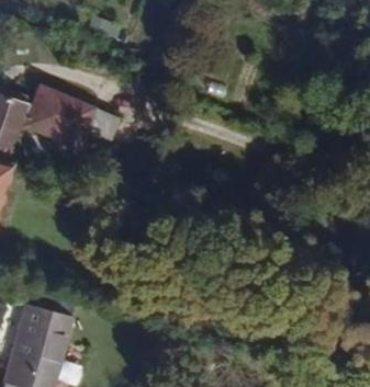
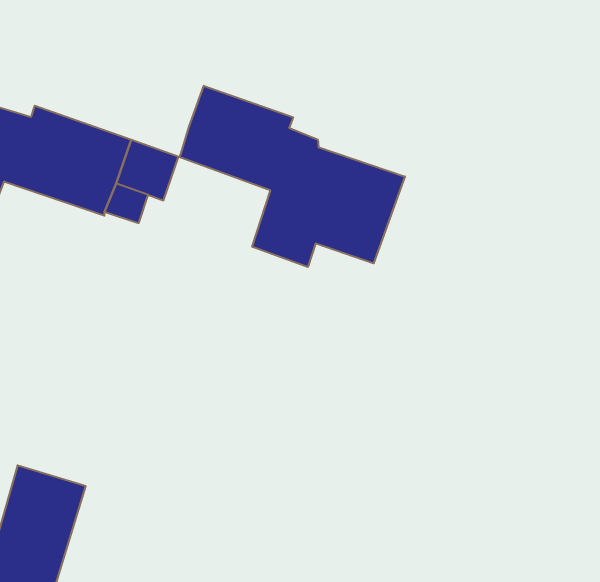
building: none -> [179,86,405,267]

